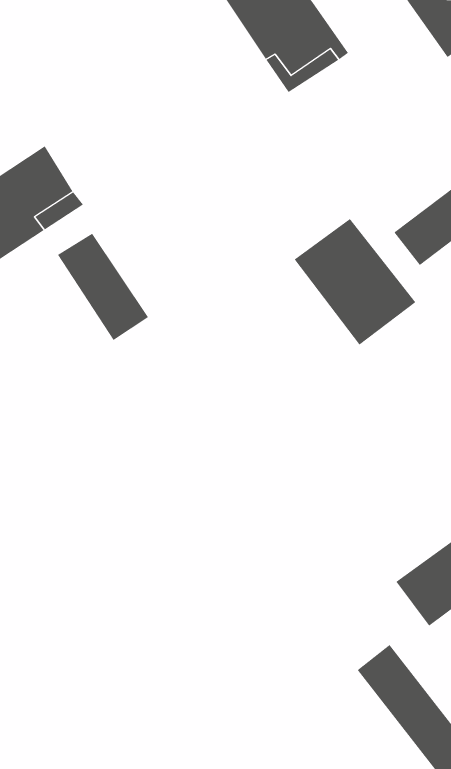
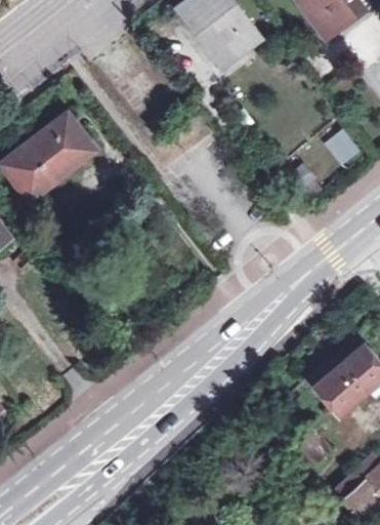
building: [294,218,416,346] -> none
building: [57,233,149,341] -> none

